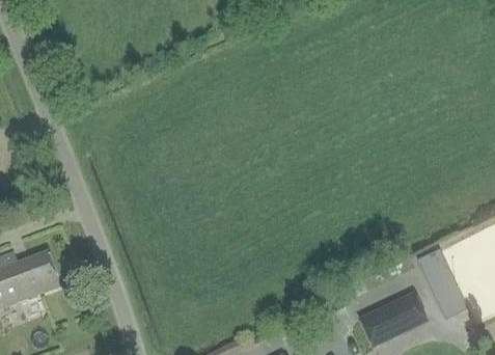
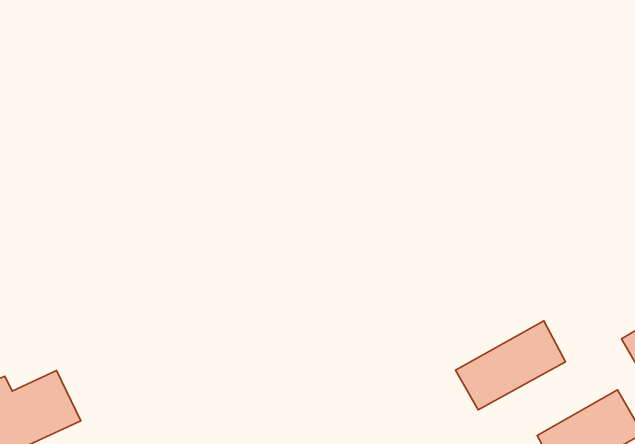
building: none -> [455,321,566,410]

